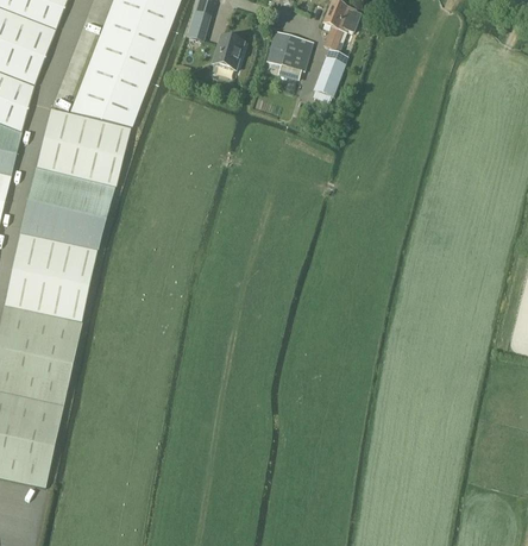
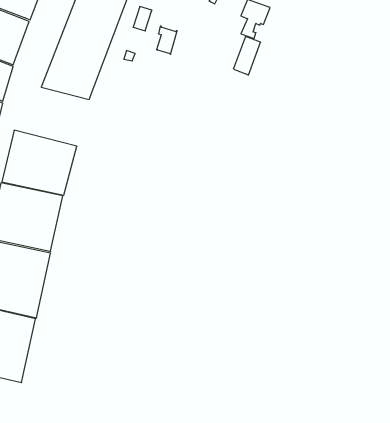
building: [268,30,313,77] -> none
building: [36,108,131,186] -> none

